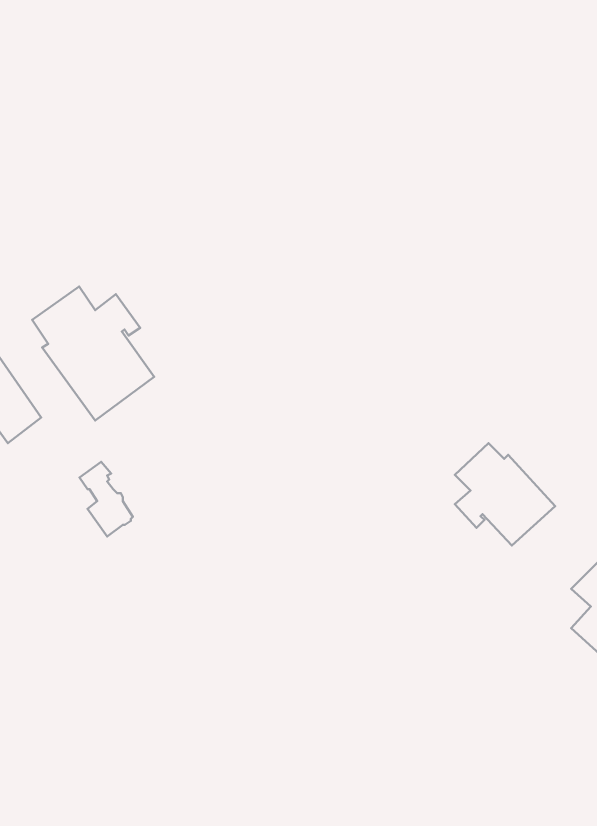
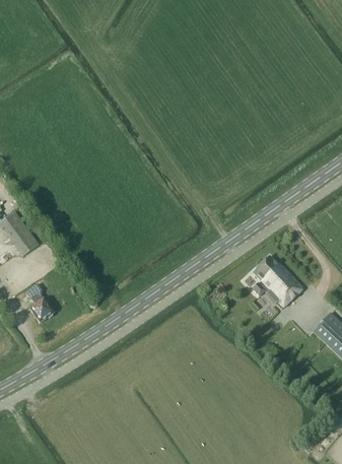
building: [32,286,154,420] -> none
building: [80,462,133,536] -> [26,283,54,322]

